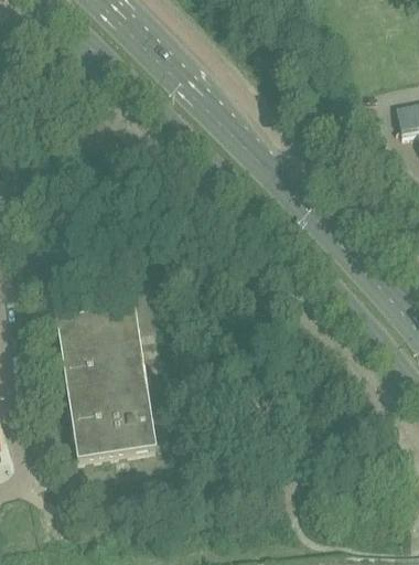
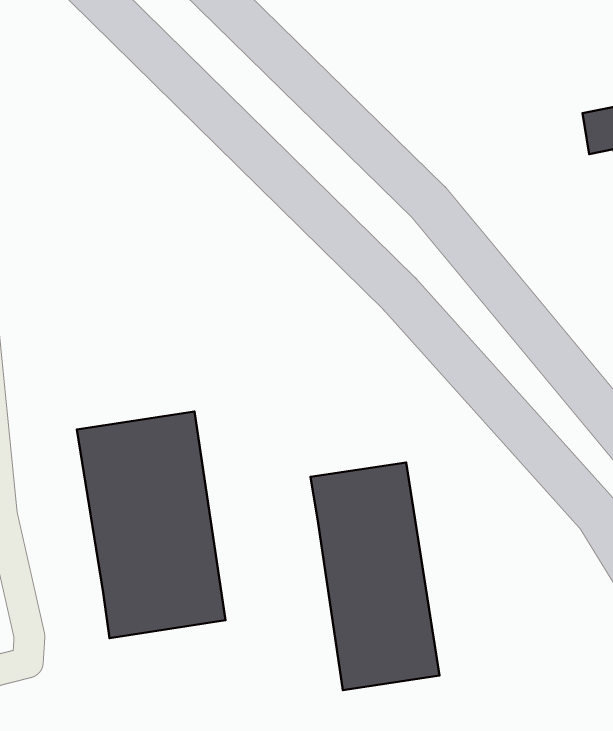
building: none -> [311,462,440,690]

